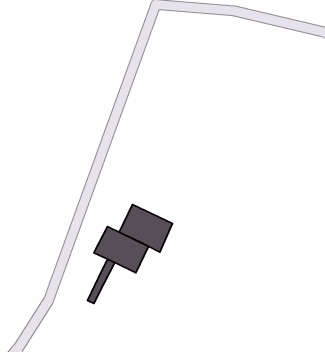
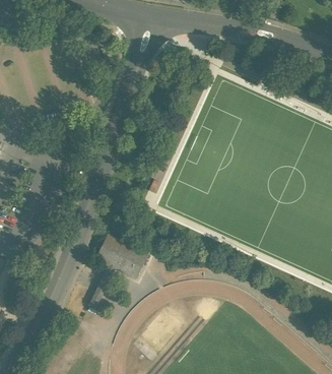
building: [119,204,173,252] -> none

